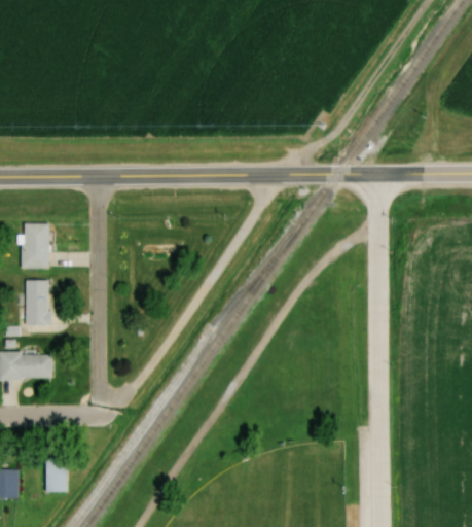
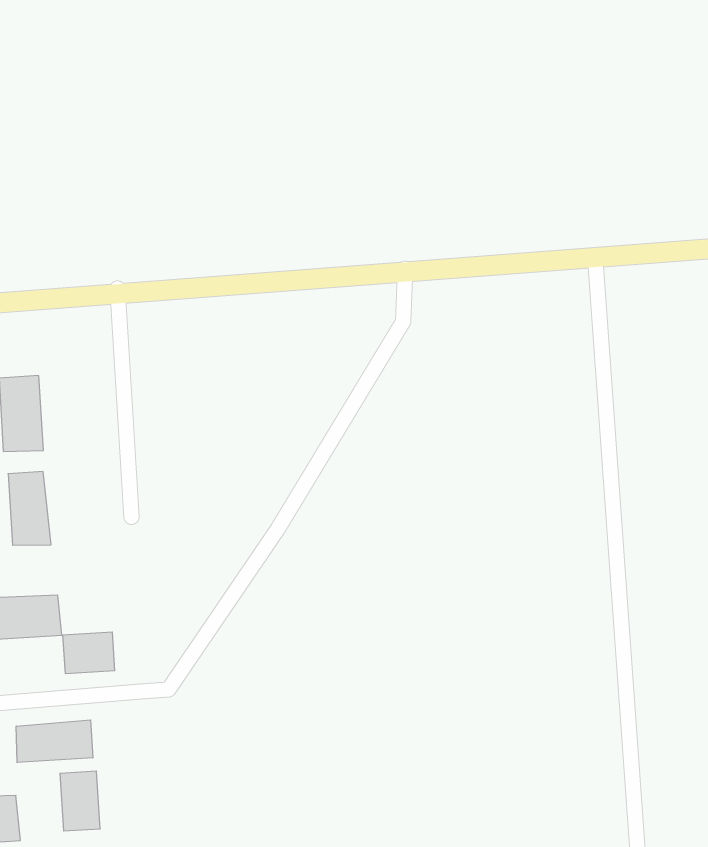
building: none -> [63,632,115,674]
building: none -> [16,720,93,763]

